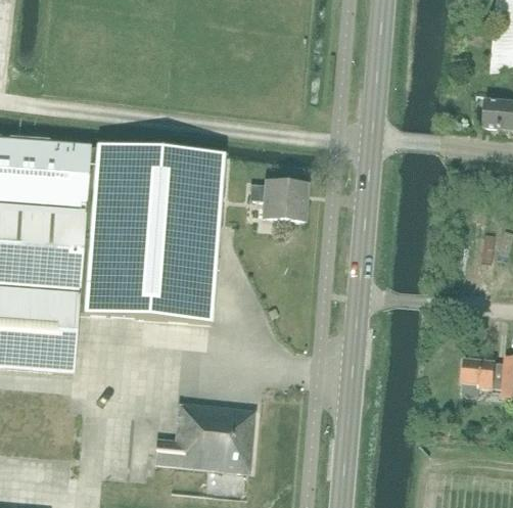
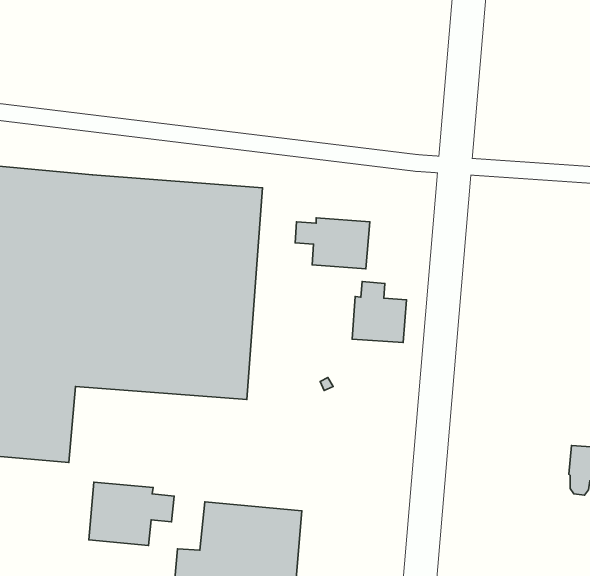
building: none -> [352,282,406,343]
building: none -> [89,482,174,546]

